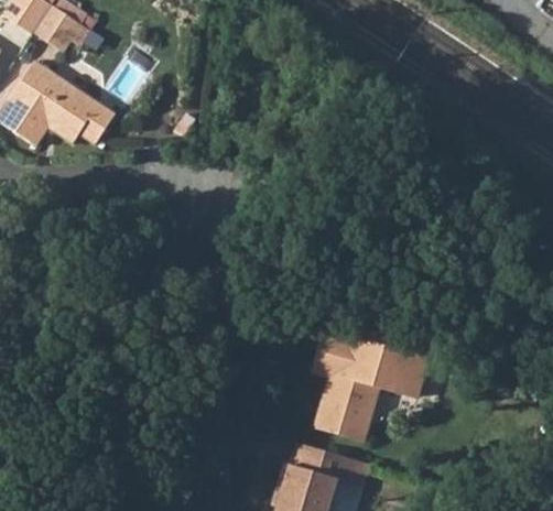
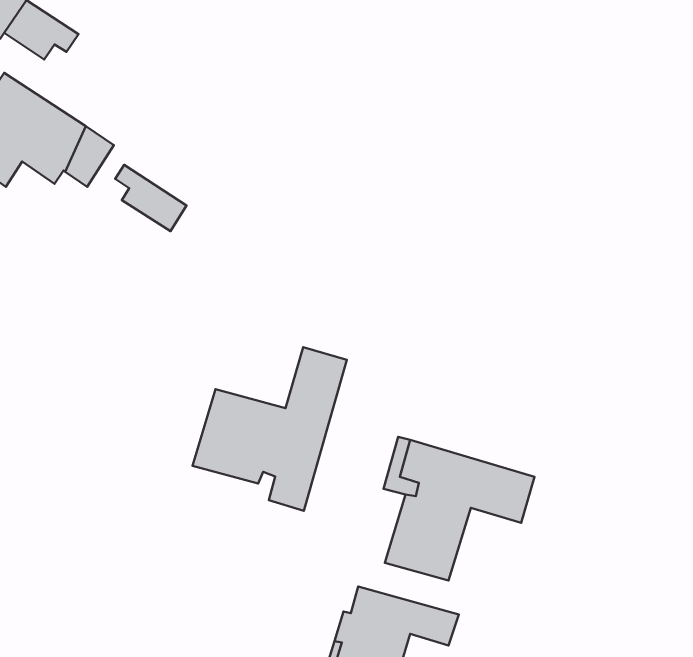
building: none -> [115,165,186,231]
building: none -> [193,347,347,511]

